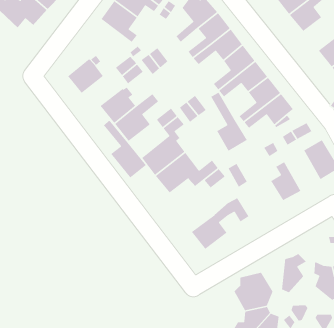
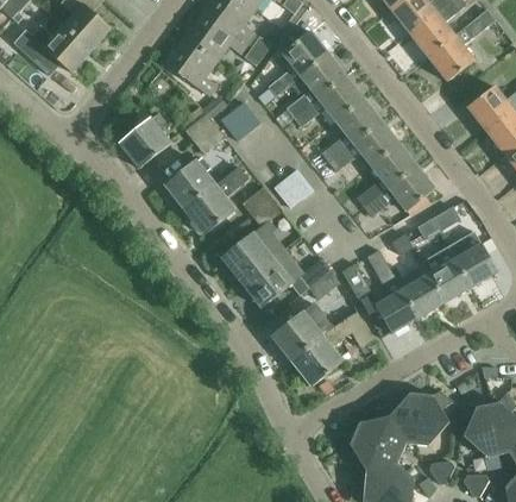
building: [210,92,248,152] -> [366,250,419,334]
building: [103,120,147,179] -> none
building: none -> [421,246,471,303]
building: none -> [271,308,322,360]
building: none -> [389,387,421,444]

